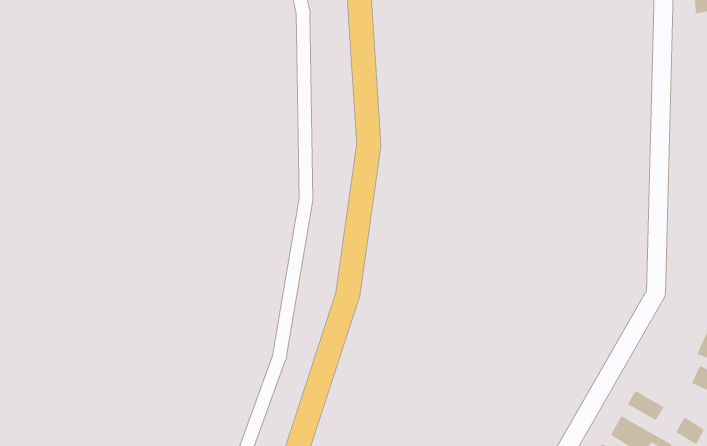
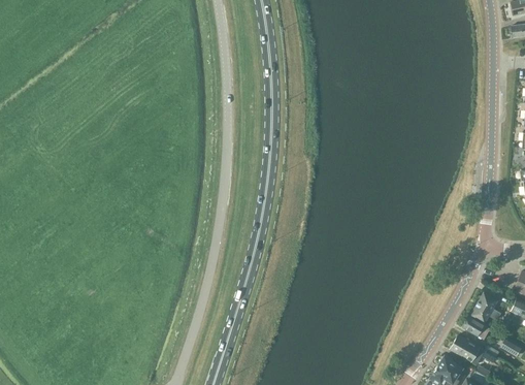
building: none -> [471,293,500,324]

